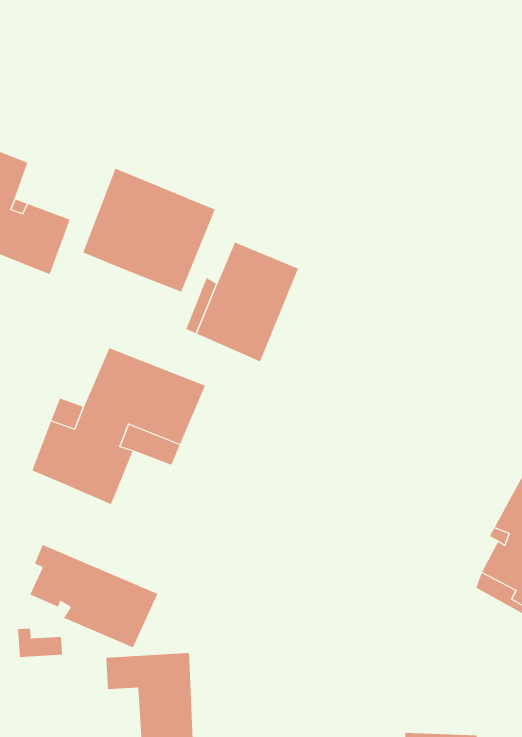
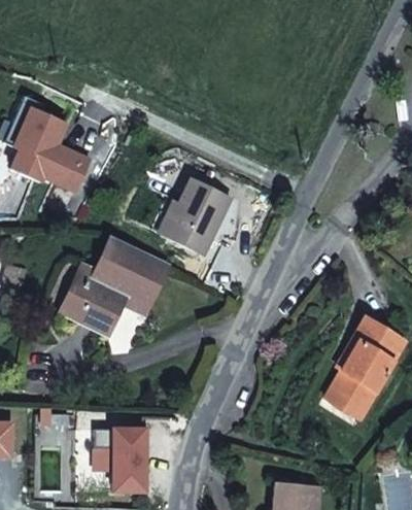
building: [82,168,215,293] -> none
building: [30,544,158,648] -> none

